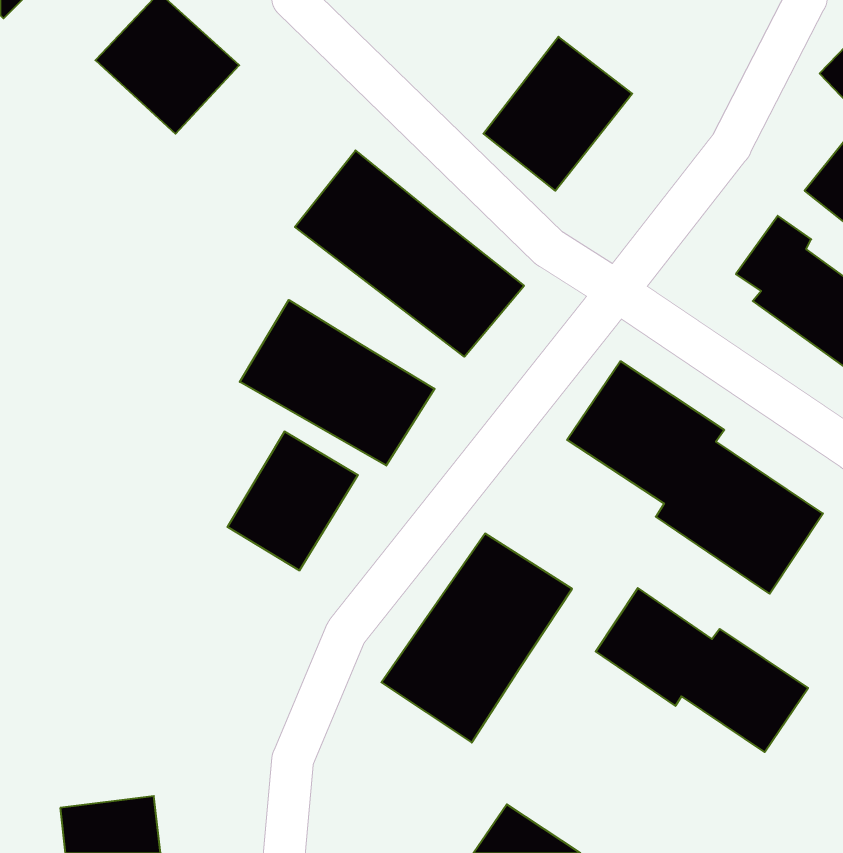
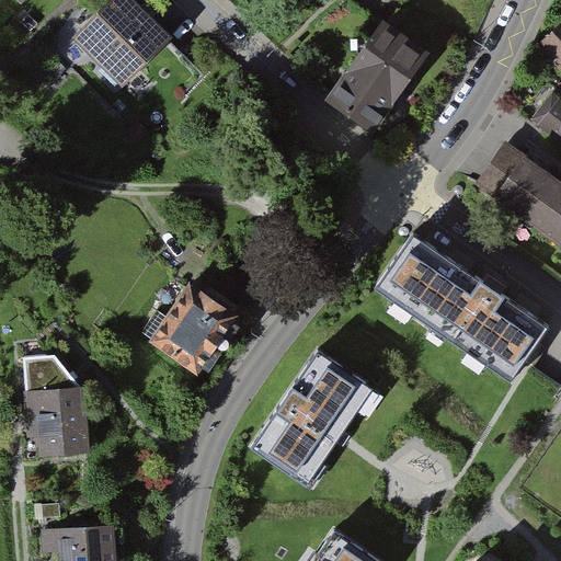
building: [295,150,524,357] -> none
building: [240,300,435,466] -> none
building: none -> [22,354,88,458]
building: [596,588,808,752] -> none

